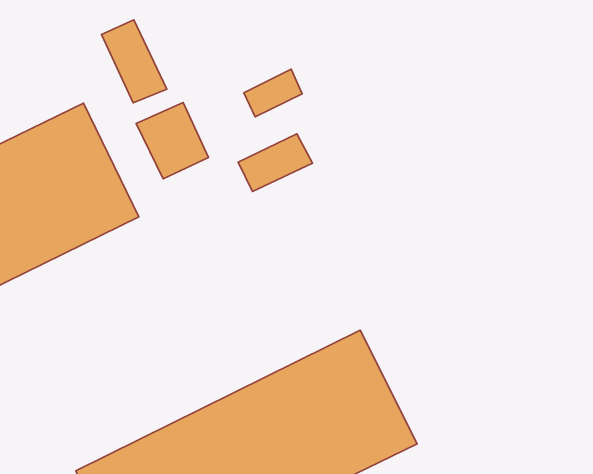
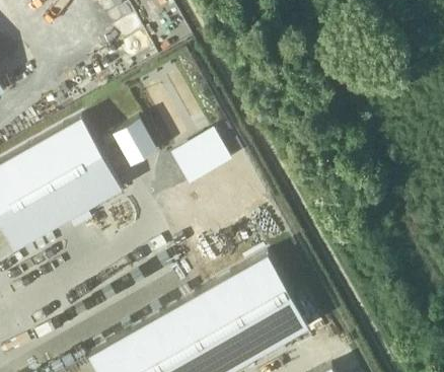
building: [102,20,167,103] -> none
building: [244,69,302,117] -> none

